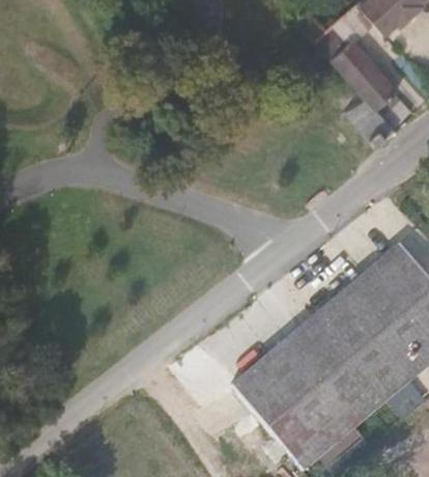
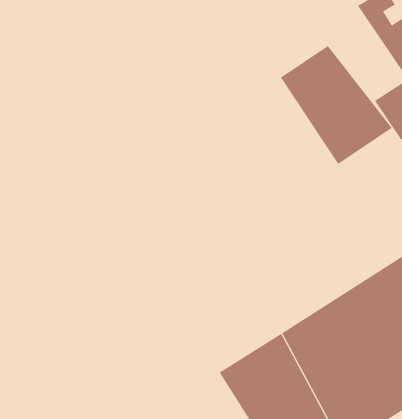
building: none -> [280,45,393,165]

